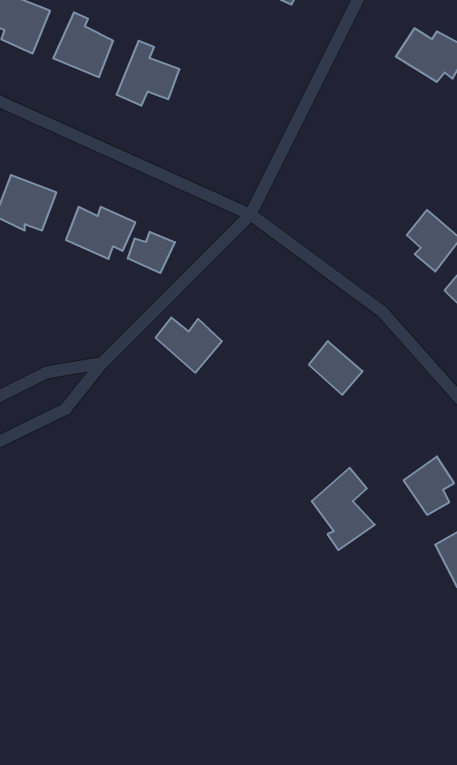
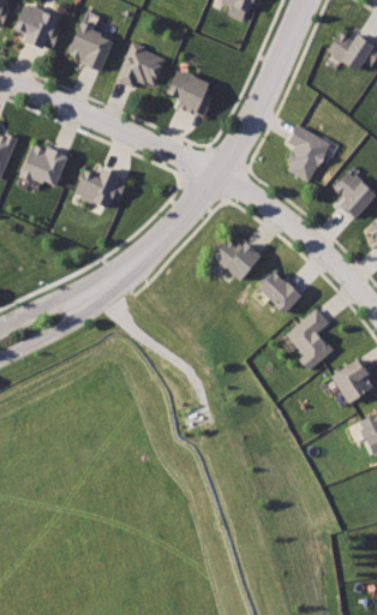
building: none -> [168,71,216,119]
building: none -> [285,125,331,183]
building: [128,232,175,273] -> none
building: [156,317,222,373] -> [213,239,263,281]
building: [312,468,375,550] -> [287,308,335,370]

